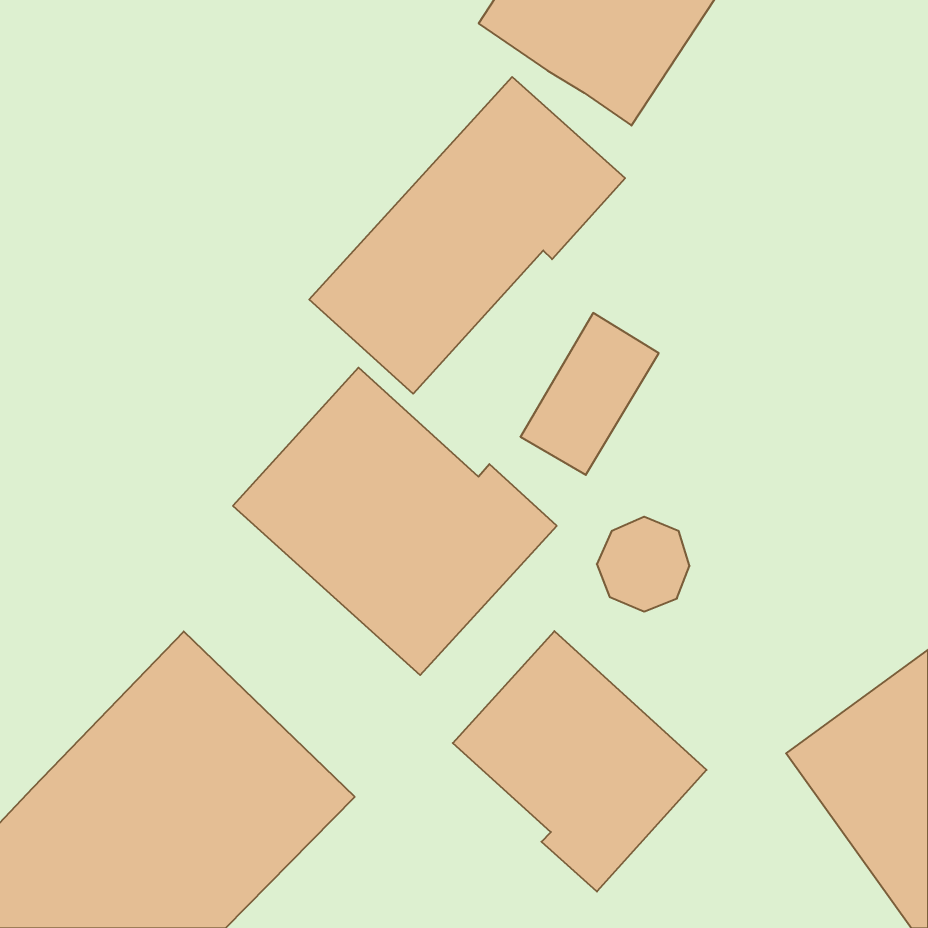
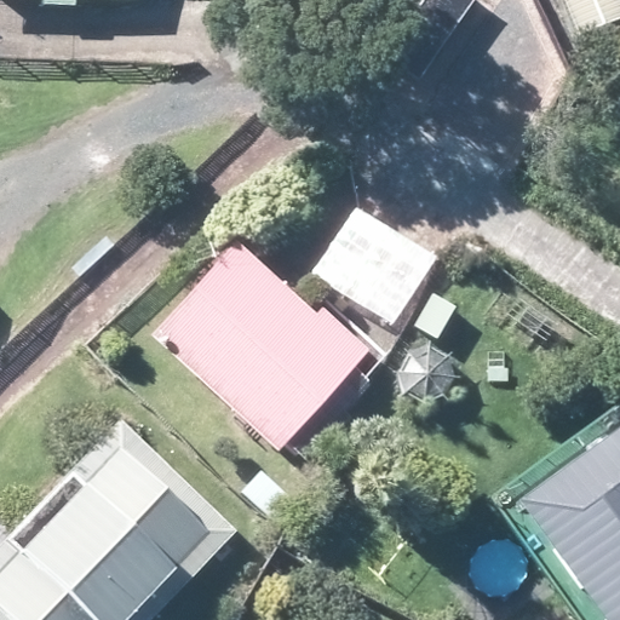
building: [309,77,625,394] -> none
building: [453,631,707,892] -> none

